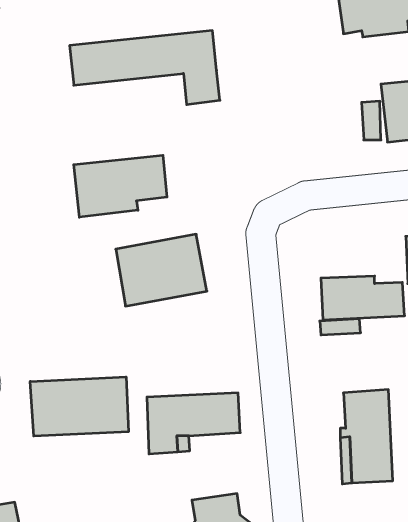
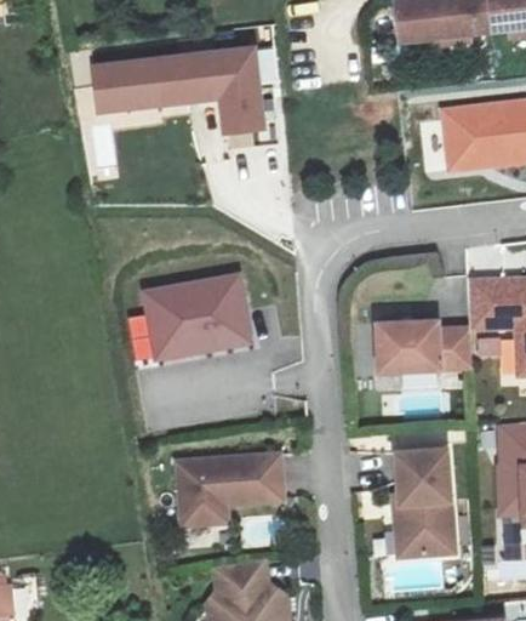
building: [74,155,167,217] -> none
building: [30,377,128,436] -> none

